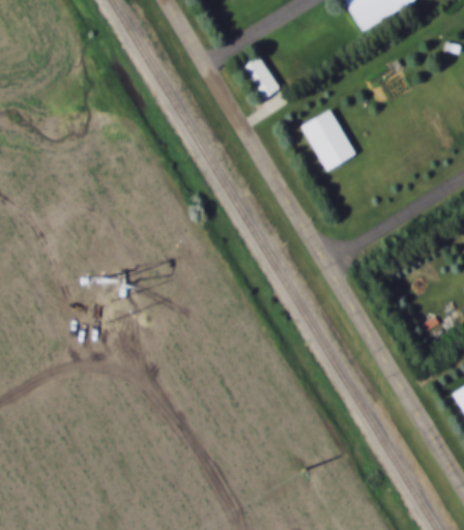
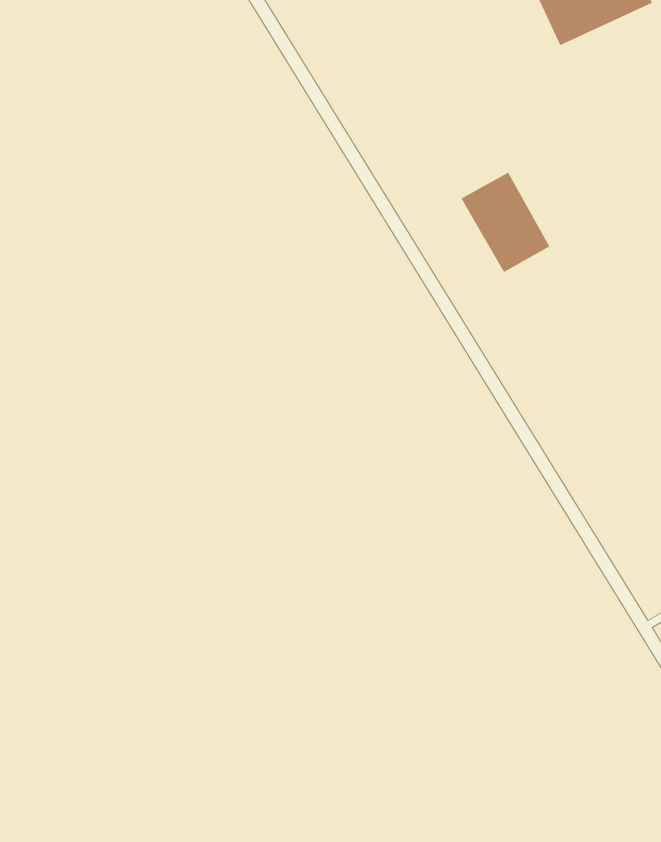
building: [243,55,282,100] -> none

